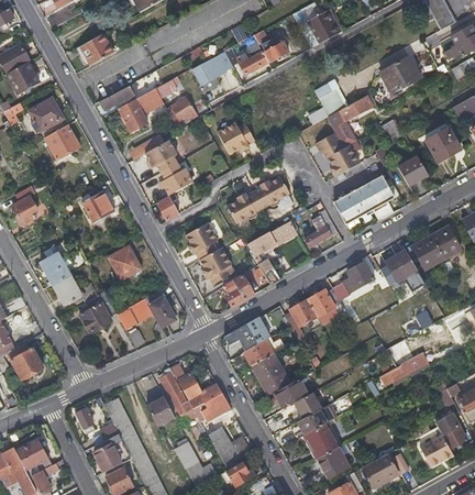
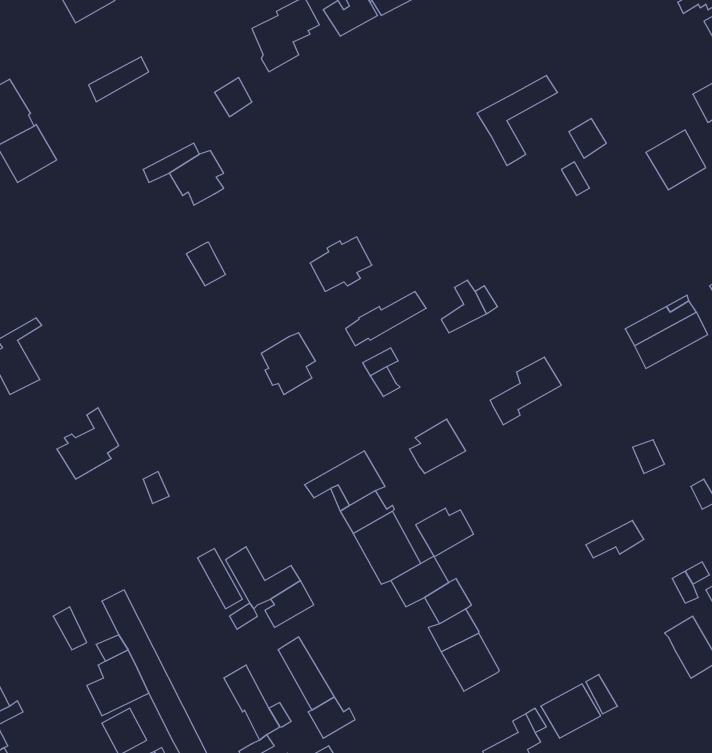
building: [380,57,420,95] -> none
building: [117,88,163,132] -> none
building: [310,89,346,124] -> none
building: [218,122,255,154] -> none
building: [316,133,358,178] -> none
building: [398,157,428,187] -> none
building: [159,163,192,195] -> none
building: [255,177,289,208] -> none
building: [333,177,394,226] -> none
building: [81,191,113,223] -> none
building: [185,222,217,260] -> none
building: [108,246,141,282] -> none
building: [387,251,418,282] -> none
building: [52,275,81,306] -> none
building: [222,275,254,307] -> none
building: [308,288,342,317] -> [416,508,474,557]
building: [117,294,180,329] -> none
building: [148,397,176,426] -> none
building: [419,434,453,466] -> none
building: [317,447,347,475] -> none

